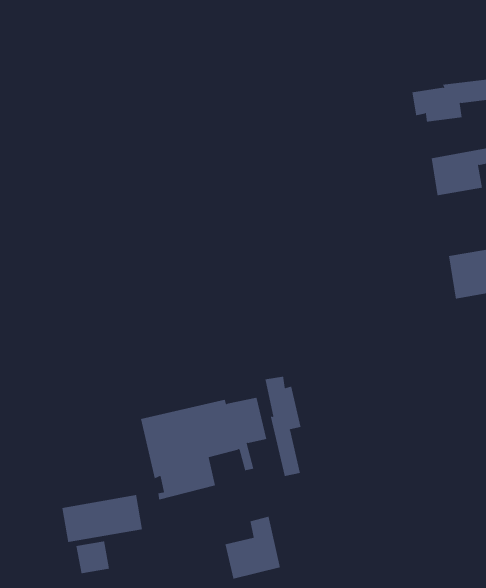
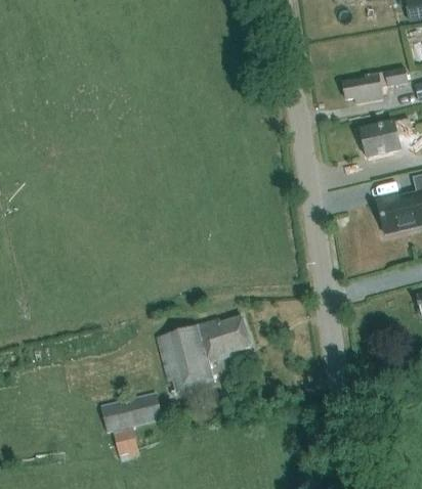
building: [265,376,301,477] -> none
building: [225,516,281,580] -> none

